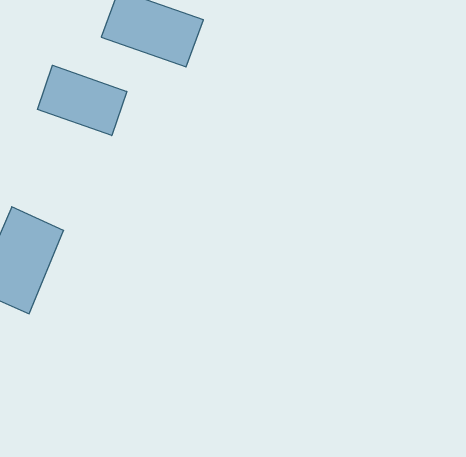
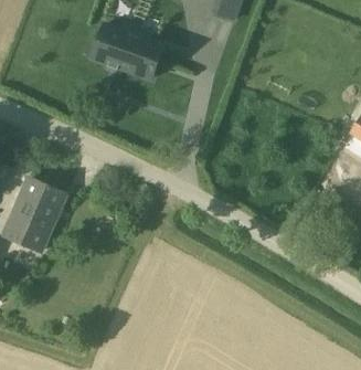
building: [38,65,127,136] -> none

